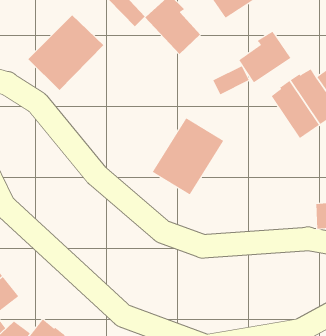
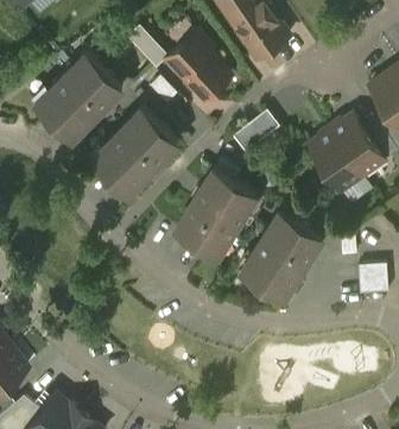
building: [238,31,291,83] -> none
building: none -> [93,109,178,195]
building: none -> [242,212,323,298]

